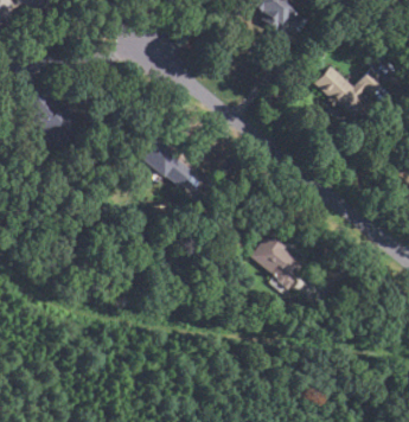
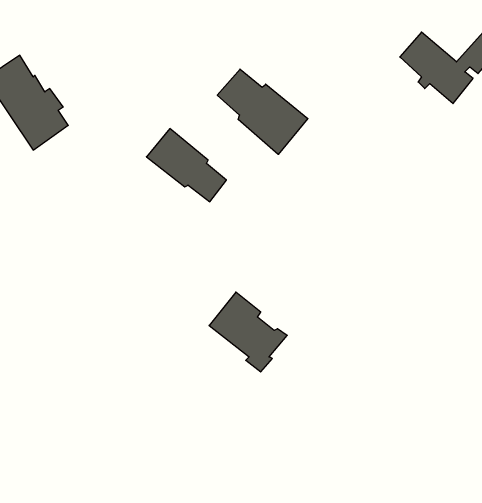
building: none -> [217,69,308,154]
building: [250,234,306,290] -> [209,292,287,372]

